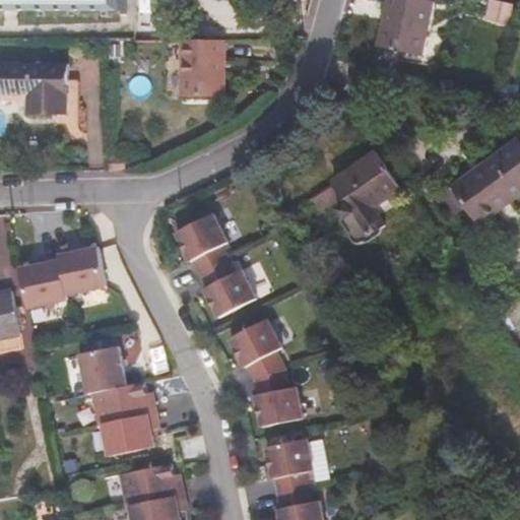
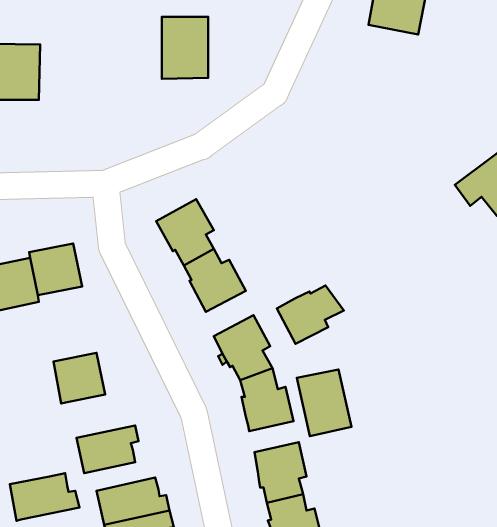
building: [328,149,397,242] -> none
building: none -> [277,286,344,344]
building: none -> [297,369,351,436]
building: [90,383,154,427] -> [10,473,79,521]

